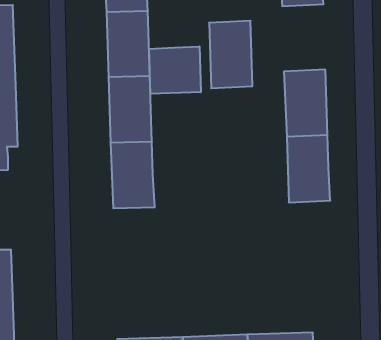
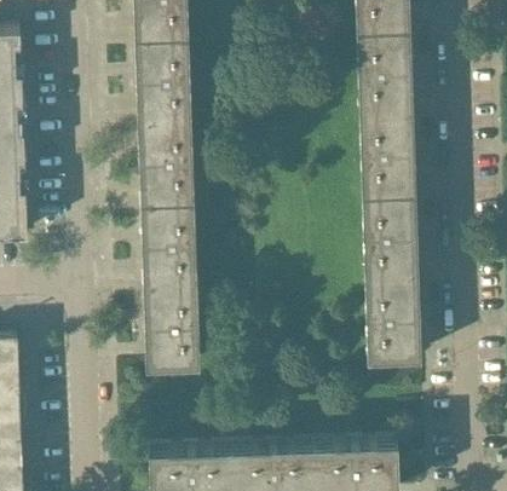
building: [209,21,252,88] -> [357,33,411,117]
building: [149,46,201,94] -> none
building: none -> [365,279,420,364]
building: none -> [145,288,200,371]

